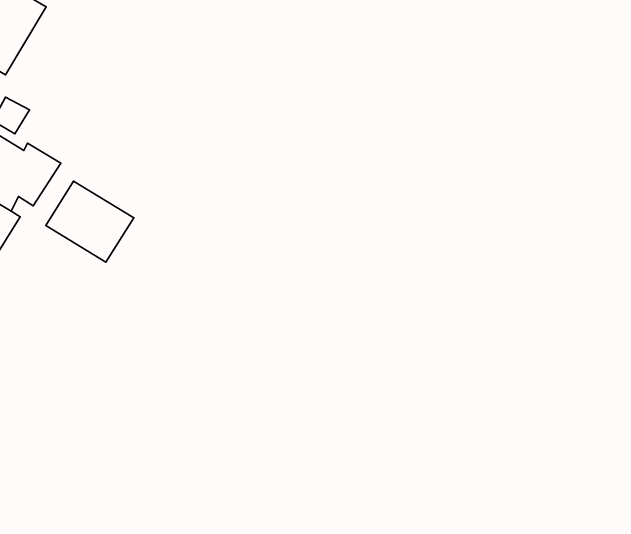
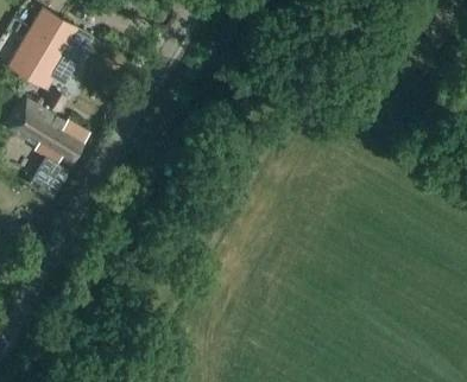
building: [46,181,134,262] -> none

